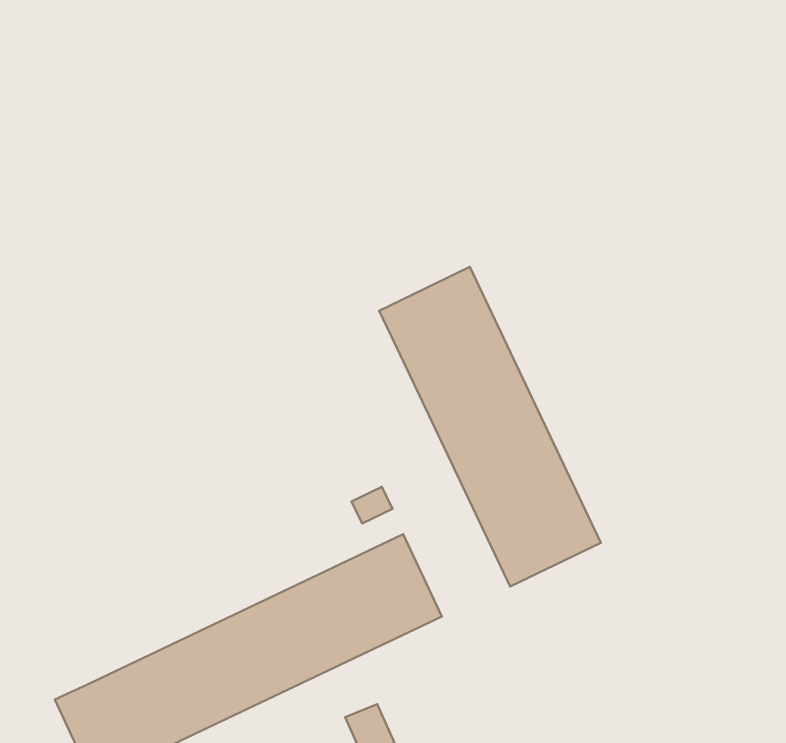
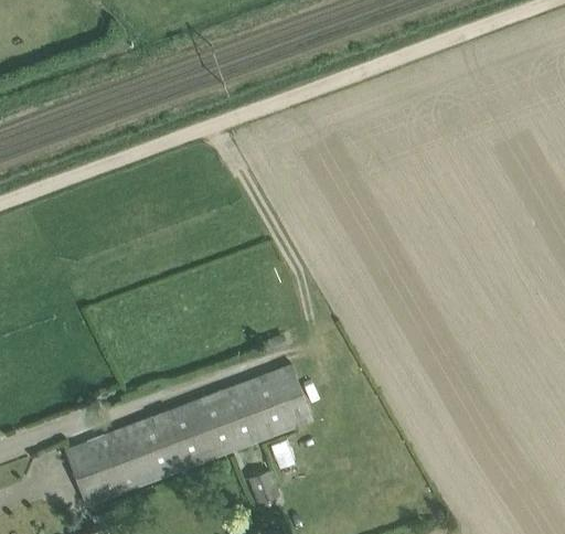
building: [379,267,601,586] -> none

